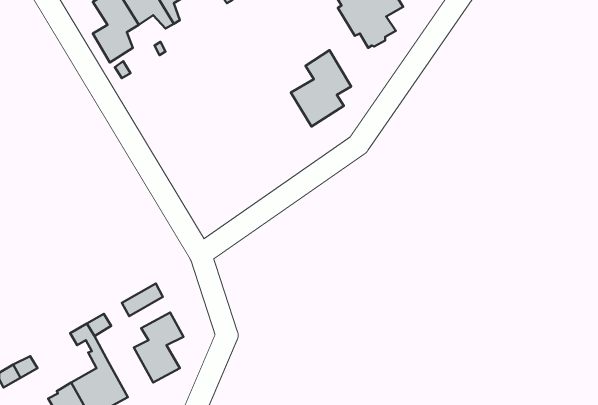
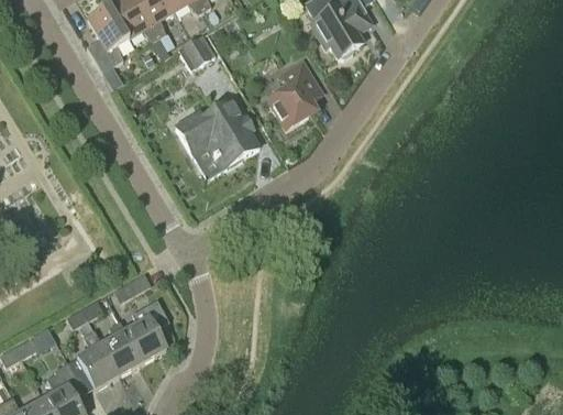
building: none -> [178,34,214,69]
building: none -> [175,100,260,176]
building: none -> [101,320,142,376]

